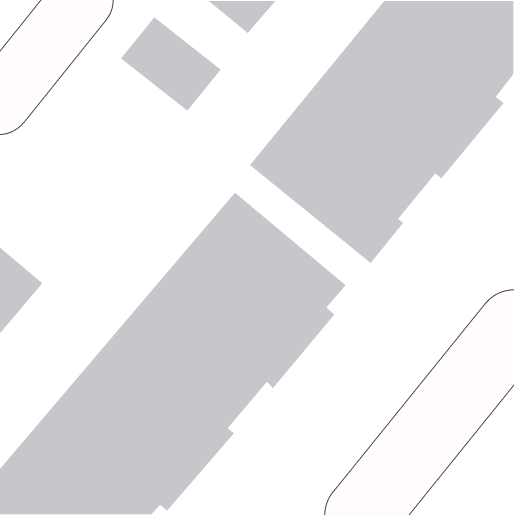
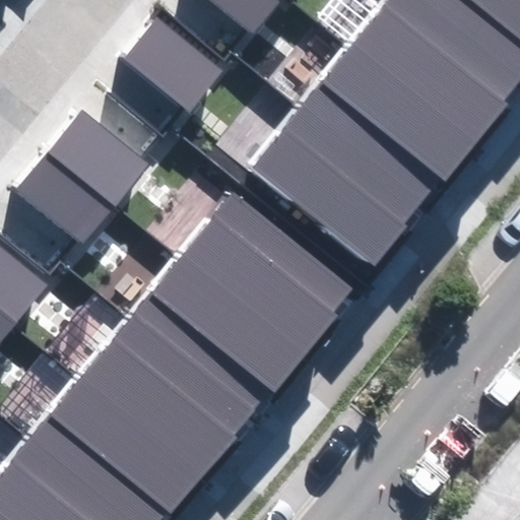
building: none -> [14,108,148,243]

